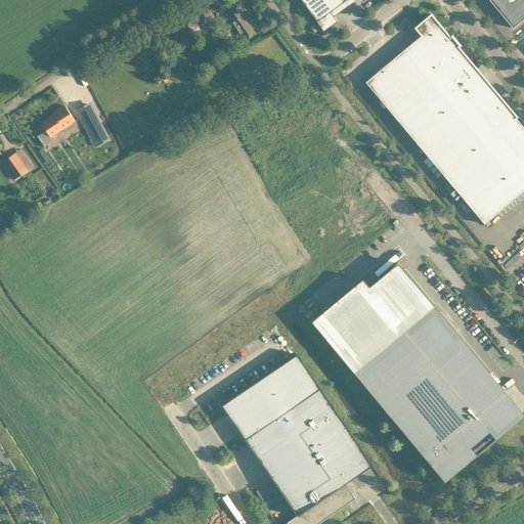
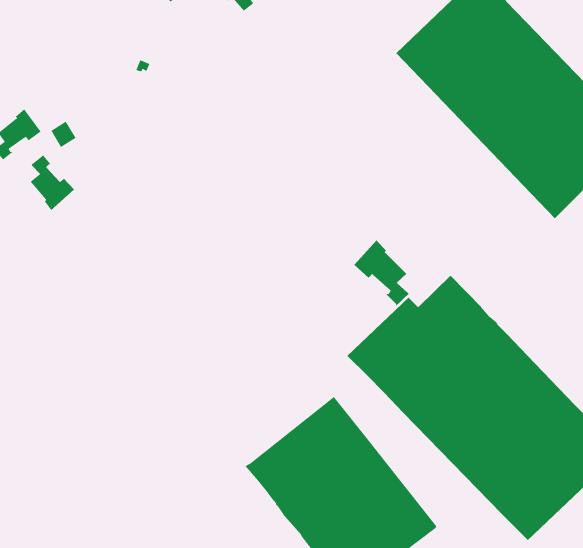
building: none -> [30,153,75,211]
building: none -> [353,240,410,307]

